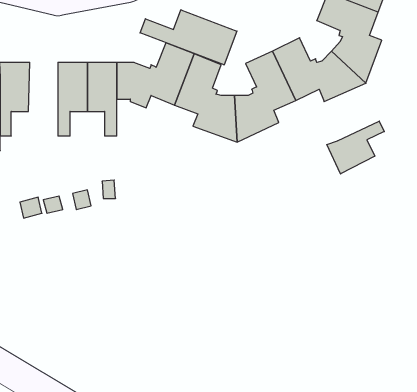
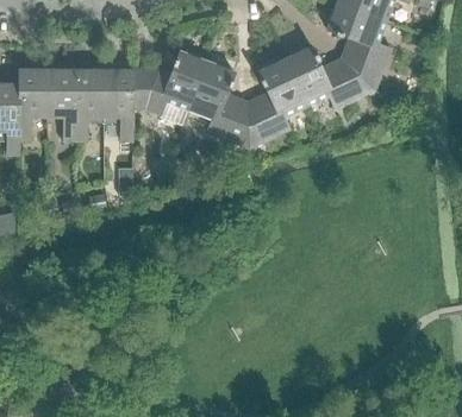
building: [140,10,237,65] -> none
building: none -> [46,69,75,140]
building: [327,121,384,174] -> none

